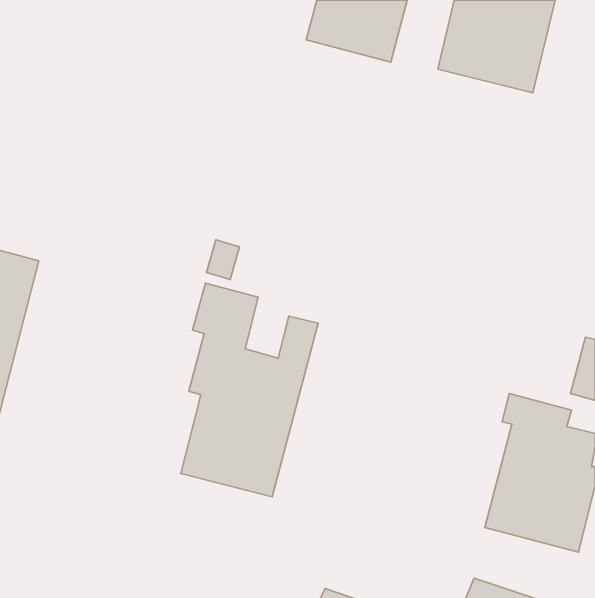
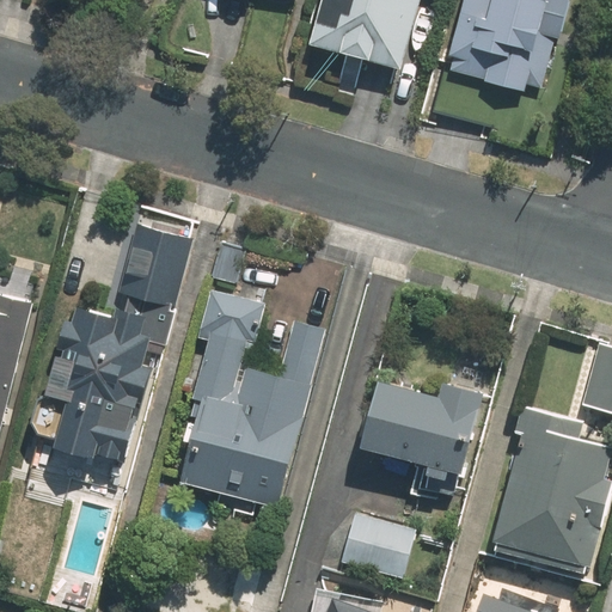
building: none -> [41,227,189,463]
building: none -> [361,377,484,497]
building: none -> [338,515,411,585]

